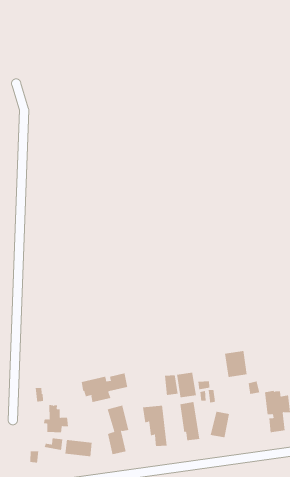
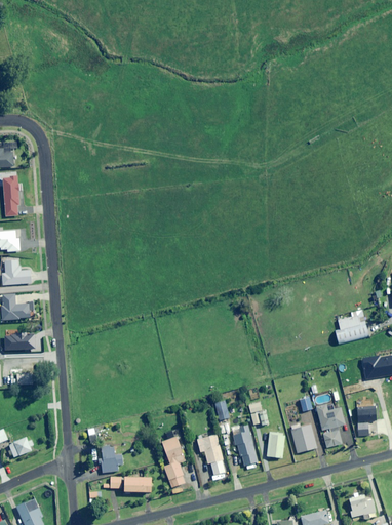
building: [224,351,248,377] -> [290,423,316,452]
building: [176,372,196,398] -> none
building: [81,372,128,403] -> none

